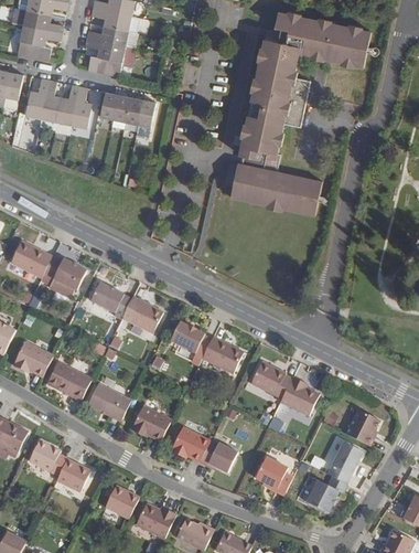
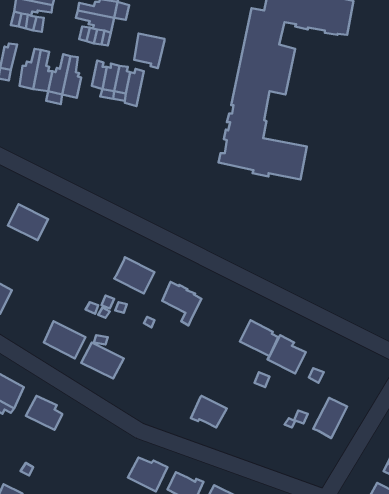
building: none -> [134,33,165,68]
building: [41,256,87,297] -> none
building: [90,283,131,315] -> none
building: [202,337,244,373] -> none
building: [13,341,53,376] -> none
building: [131,406,171,442] -> none
building: [346,410,379,446] -> none
building: [171,427,211,462] -> none
building: [256,457,293,496] -> none
building: [56,459,90,492] -> none
building: [308,476,347,513] -> none
building: [105,485,140,519] -> none

